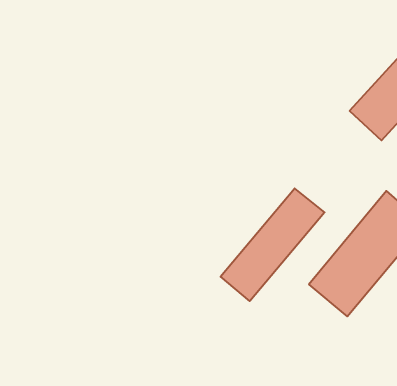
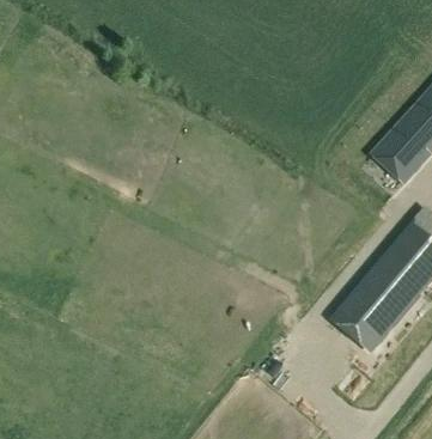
building: [221,188,325,301] -> none

